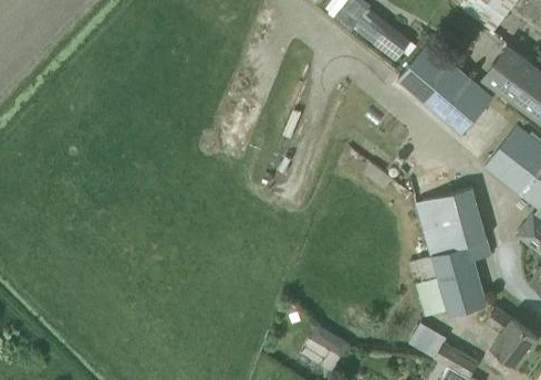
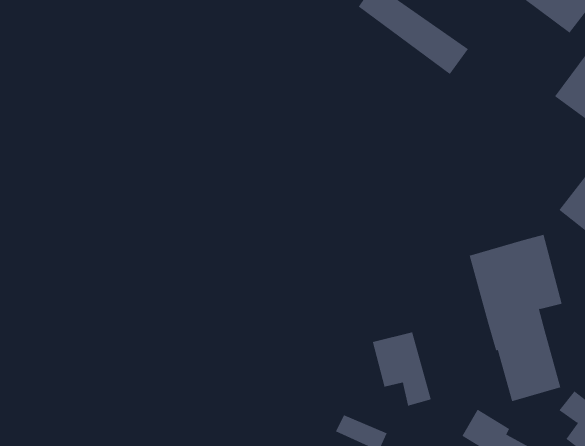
building: [404,41,500,135] -> none
building: none -> [372,332,431,407]

